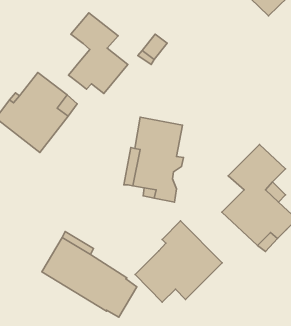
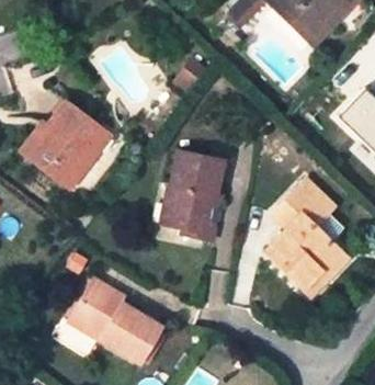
building: [69,13,128,93] -> none
building: [135,221,222,302] -> none

